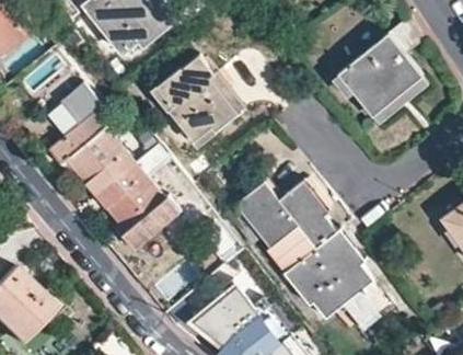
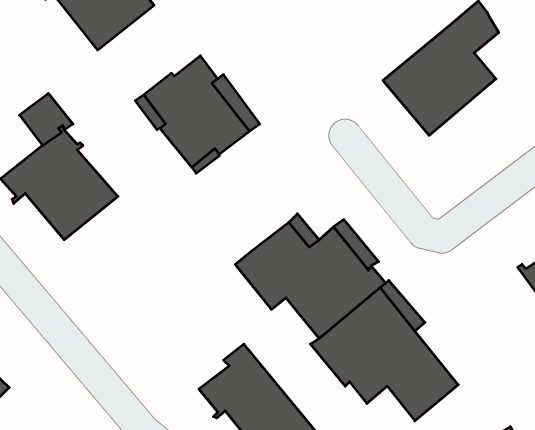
building: [97,162,183,252] -> none

